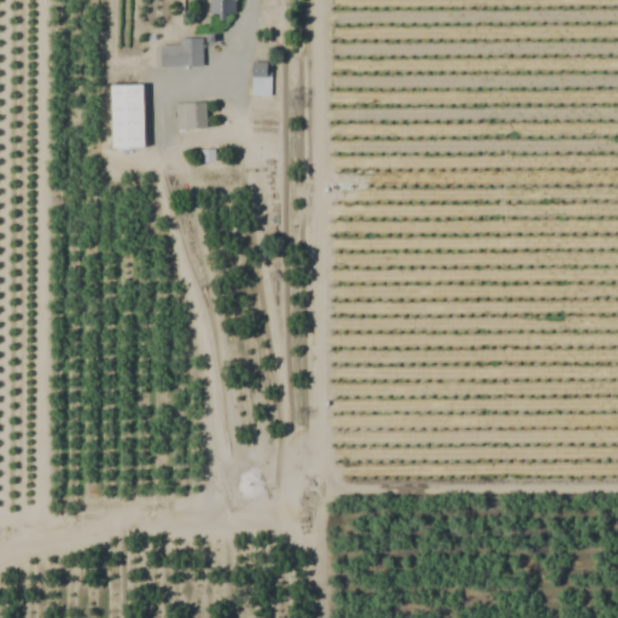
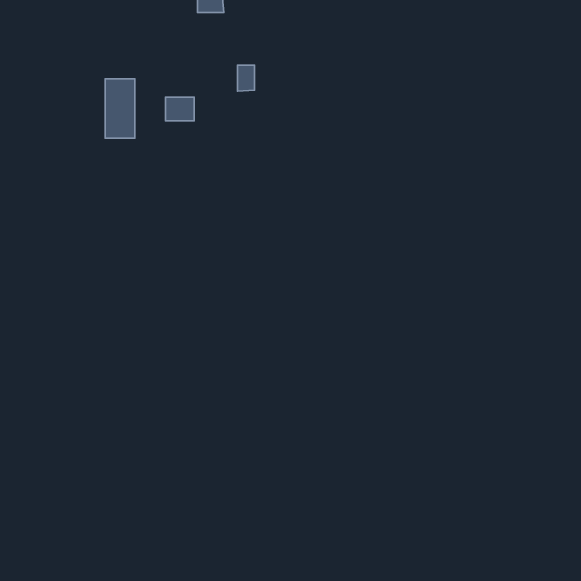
building: [162,37,204,66] -> none

